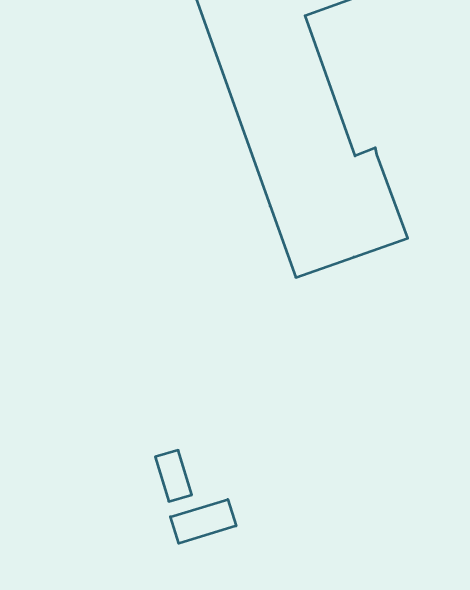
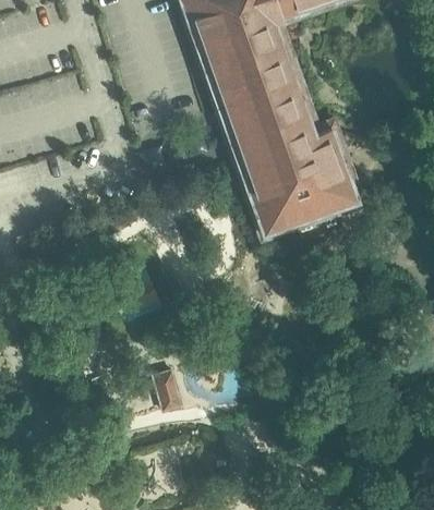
building: [170,499,236,543] -> none

